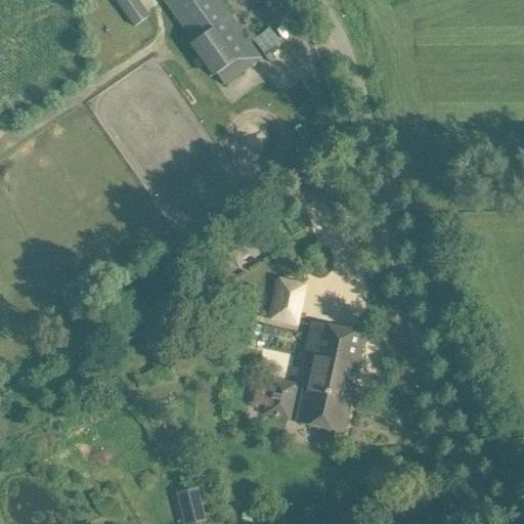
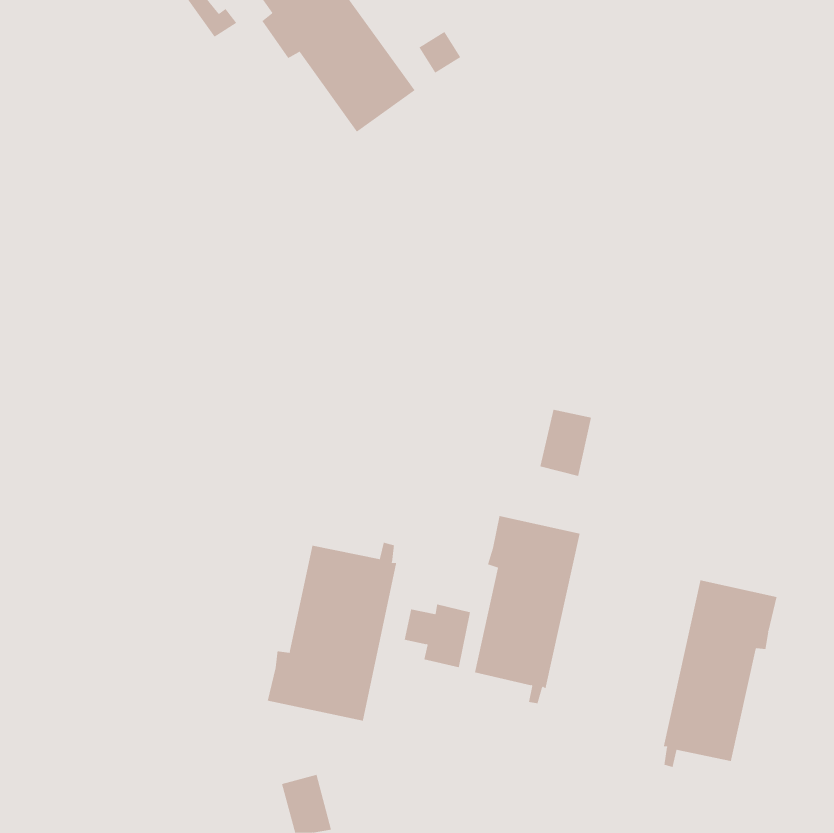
building: [271,279,304,321] -> [540,409,592,476]
building: none -> [267,542,397,722]
building: none -> [663,579,777,768]

